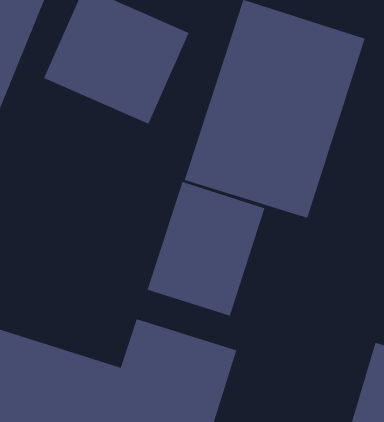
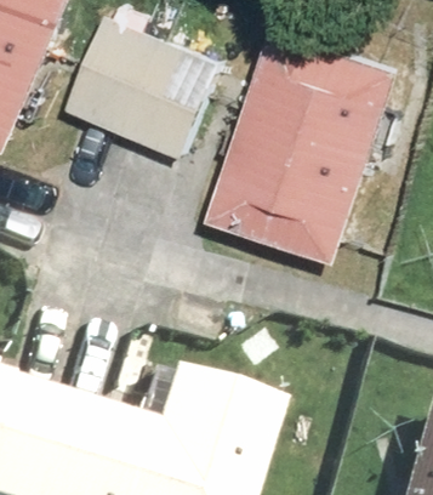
building: [147,181,265,317] -> none

